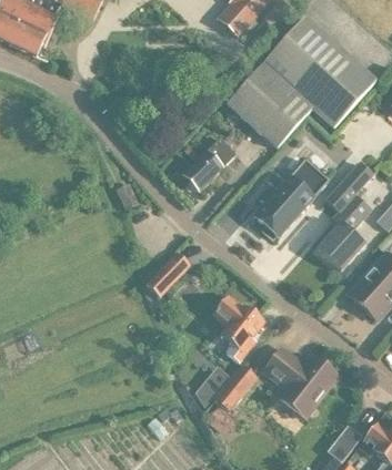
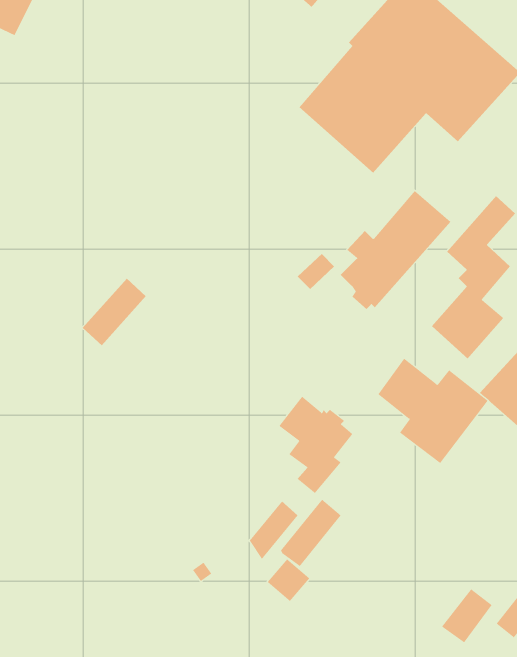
building: [183,137,235,190] -> none
building: [147,252,190,297] -> [82,278,147,346]
building: [265,347,340,418] -> [377,358,489,464]

